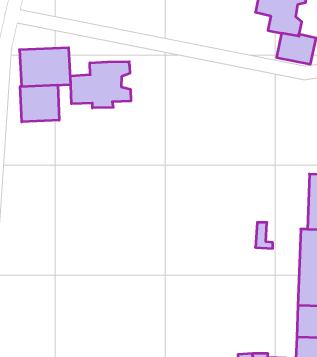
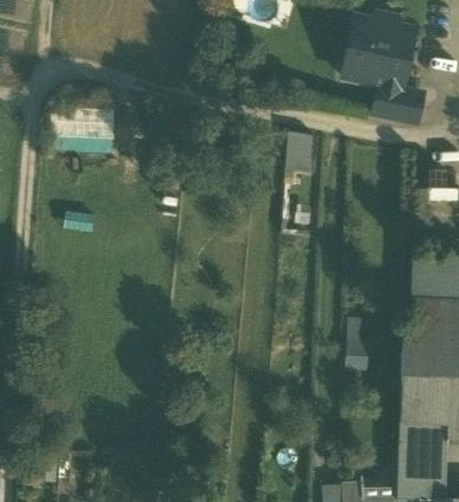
building: [70,62,131,108] -> none
building: none -> [290,134,318,172]
building: [20,85,59,122] -> none

